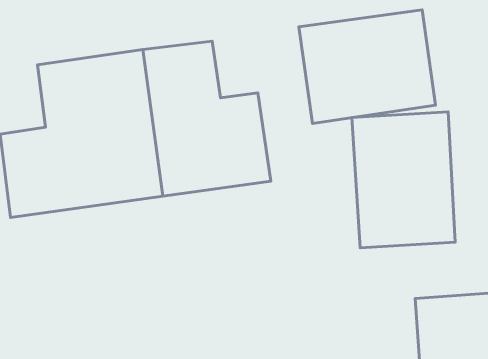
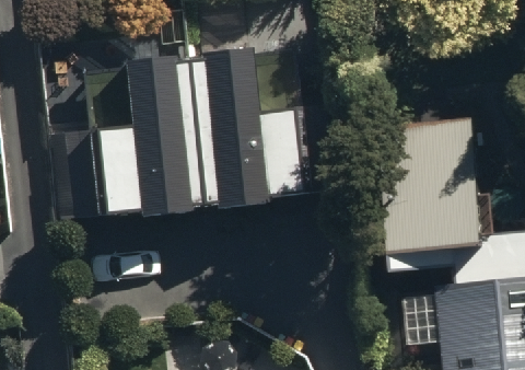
building: [299,10,436,123] -> none

